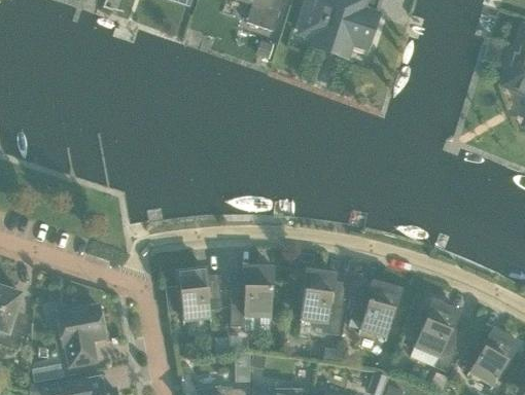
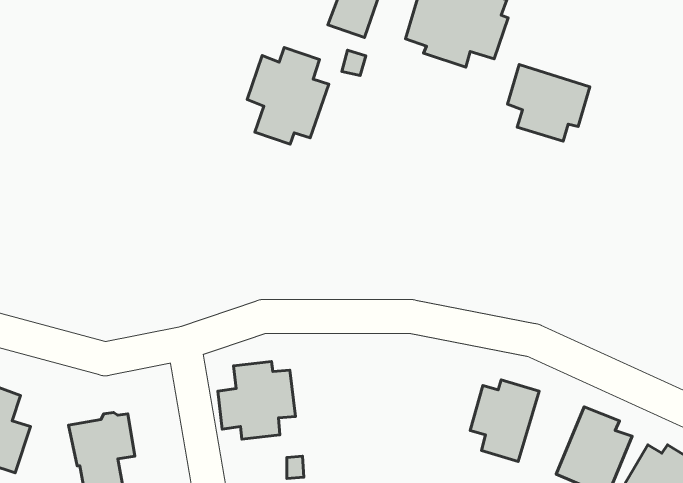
building: none -> [247,48,329,144]
building: none -> [508,65,590,141]
building: [231,267,272,327] -> none
building: [300,271,347,335] -> none

